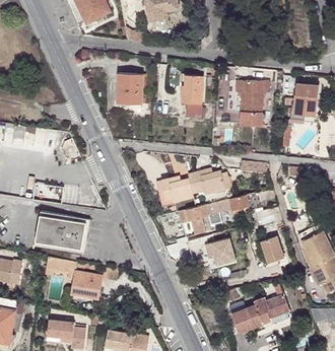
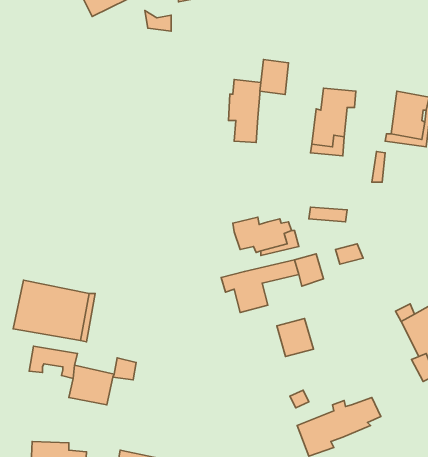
building: none -> [260,60,289,94]
building: [117,72,143,102] -> none
building: [152,178,192,204] -> none
building: [261,235,284,262] -> none

